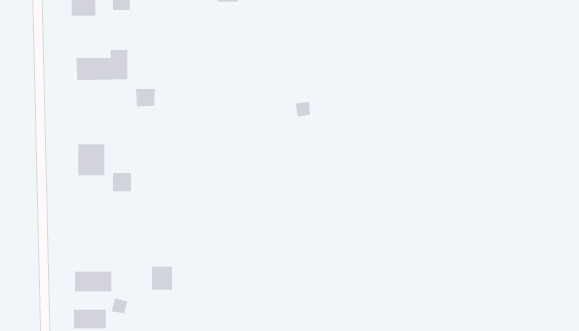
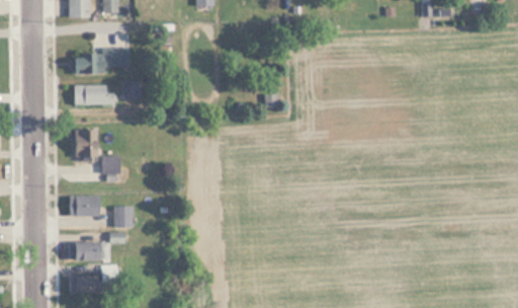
building: none -> [74,85,115,104]
building: none -> [71,196,100,219]
building: [151,266,173,290] -> [115,206,135,227]

